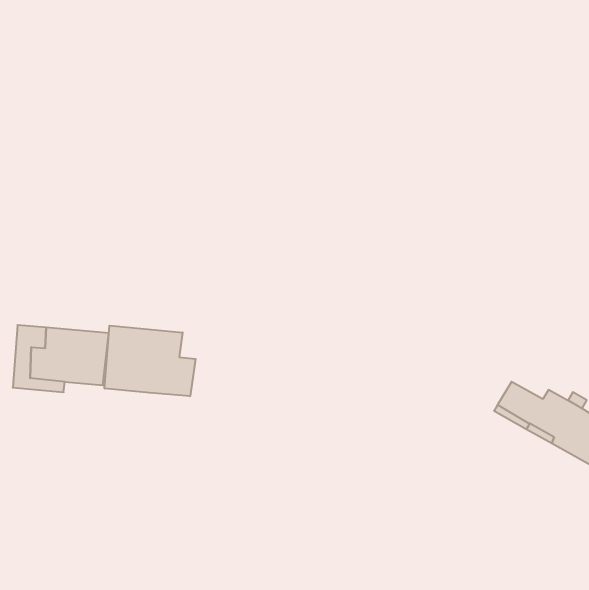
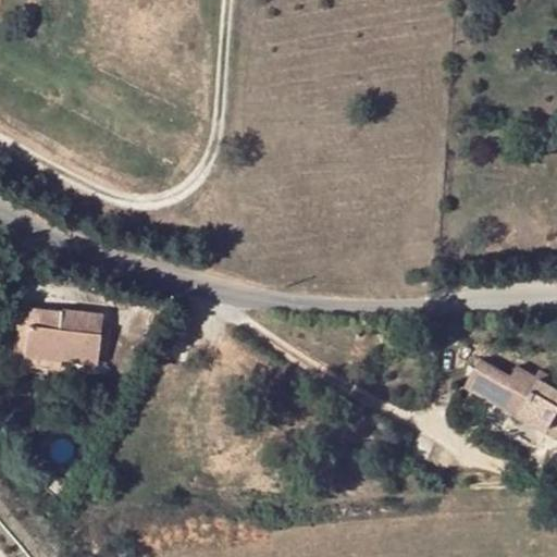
building: [105,326,196,396] -> none

